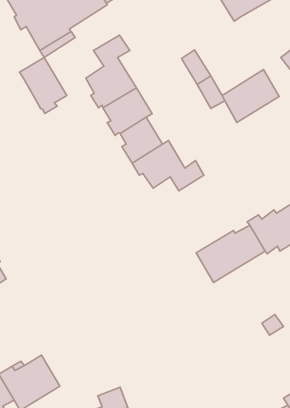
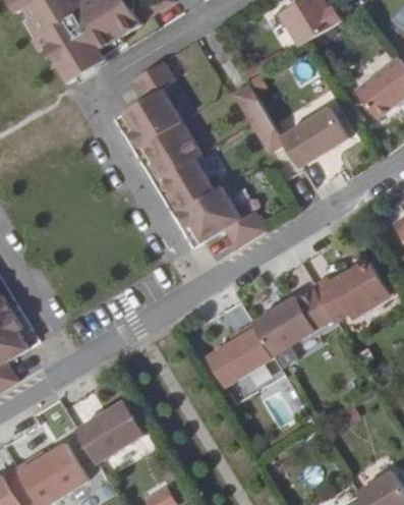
building: [20,58,67,114] -> none
building: none -> [208,321,273,385]
building: none -> [78,398,146,461]

